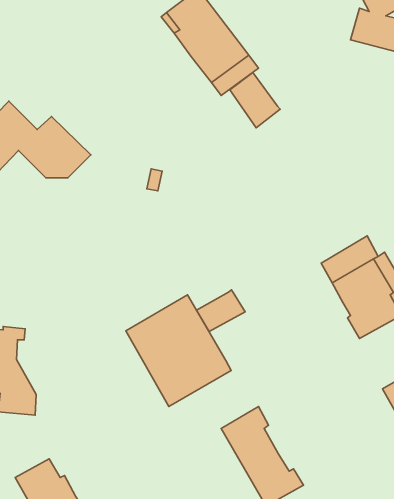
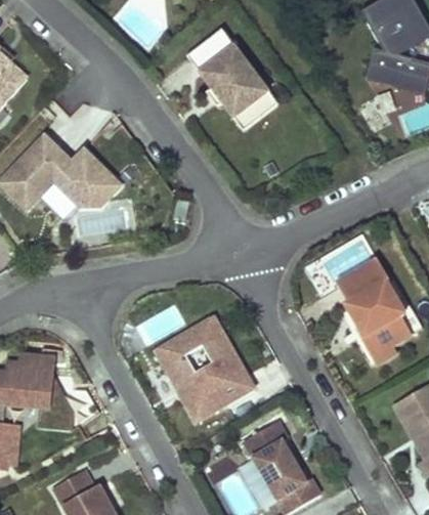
building: [230,72,280,128] -> none
building: [197,290,245,332] -> none

